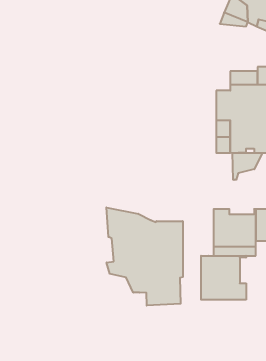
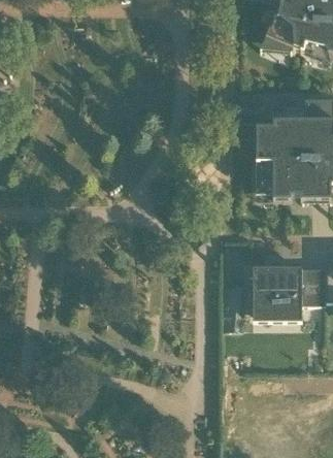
building: [233,153,262,180] -> none
building: [106,207,183,306] -> none
building: [201,256,246,300] -> none

